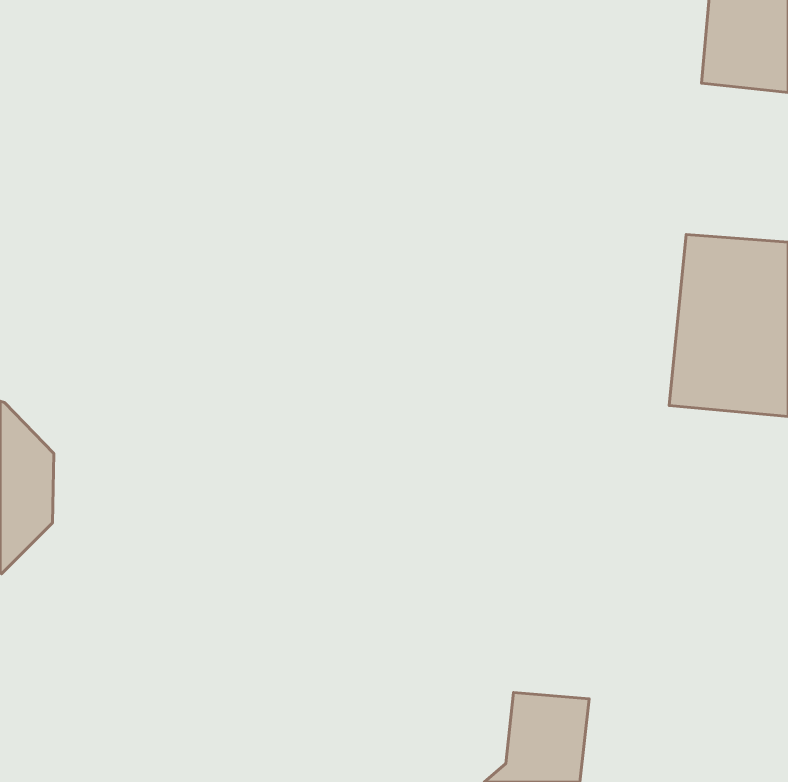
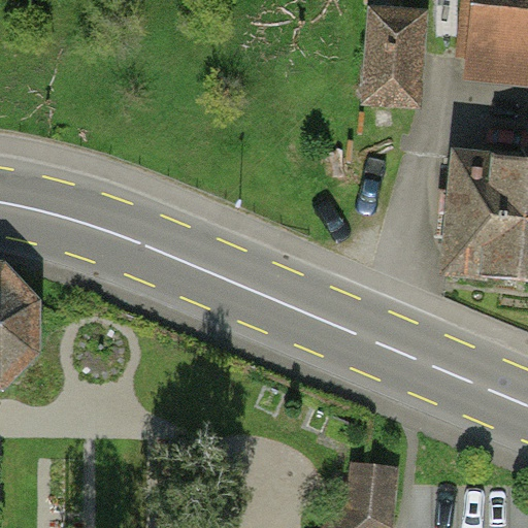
building: none -> [366,11,424,101]

